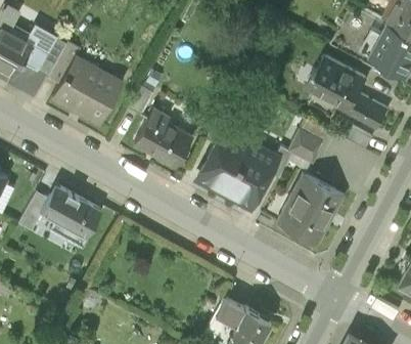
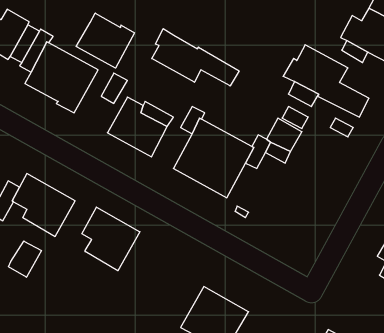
building: none -> [76,13,134,68]
building: none -> [152,29,239,86]
building: [275,174,345,247] -> none
building: none -> [82,207,140,271]
building: none -> [9,241,41,277]

